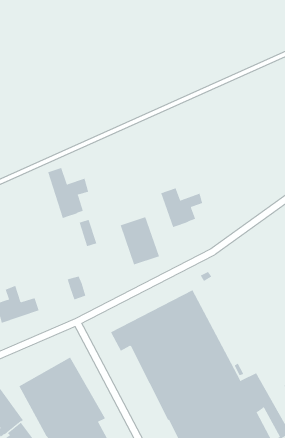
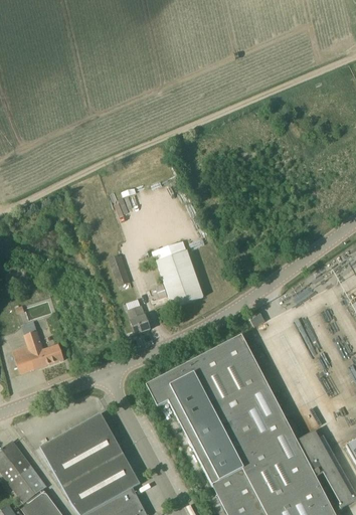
building: [47,167,89,219] -> none
building: [161,187,203,228] -> none
building: [67,276,86,300] -> [127,306,149,334]

